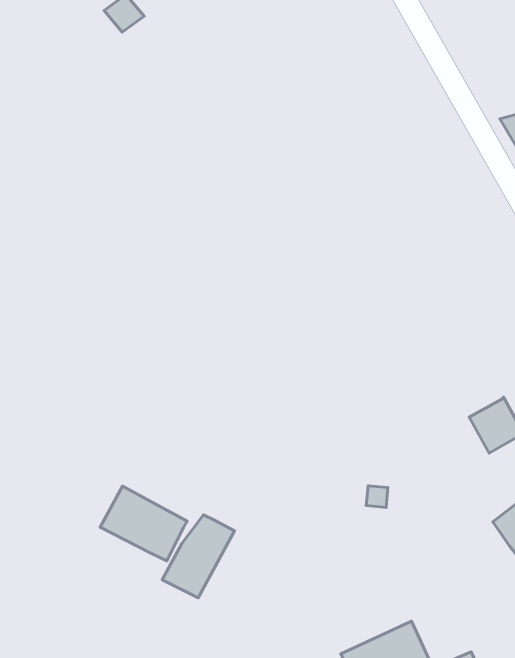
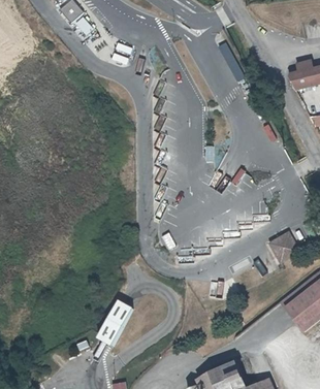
building: [100,486,187,561] -> none

